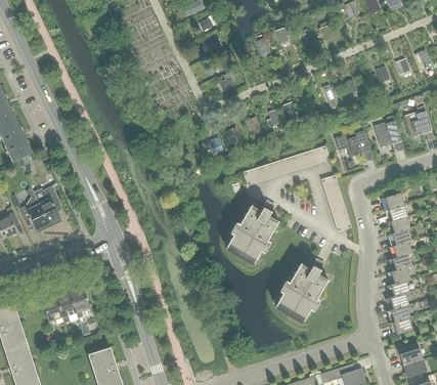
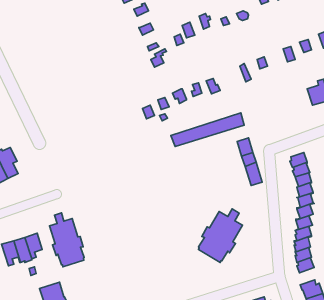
building: [375,116,404,152] -> none
building: [344,125,374,161] -> none
building: [226,201,278,264] -> none
building: none -> [50,213,84,267]

